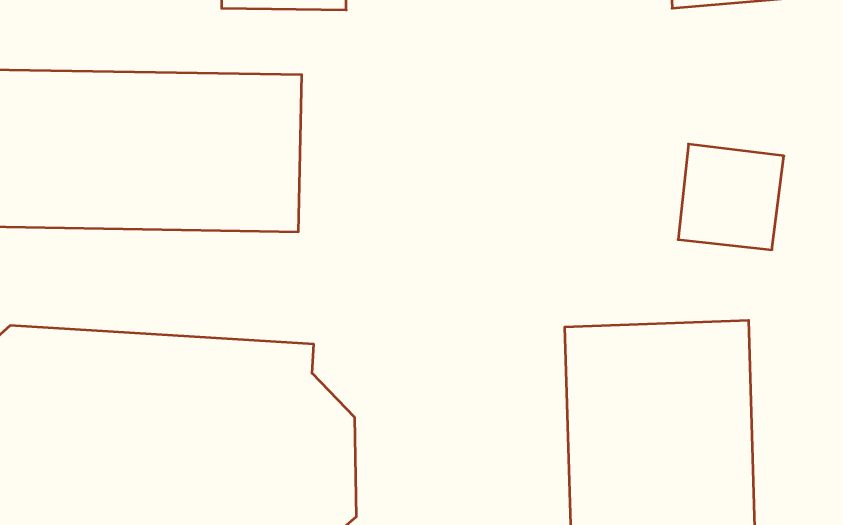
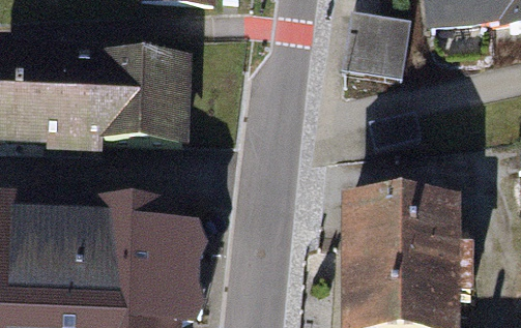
building: [678,144,784,250] -> [342,12,406,77]

